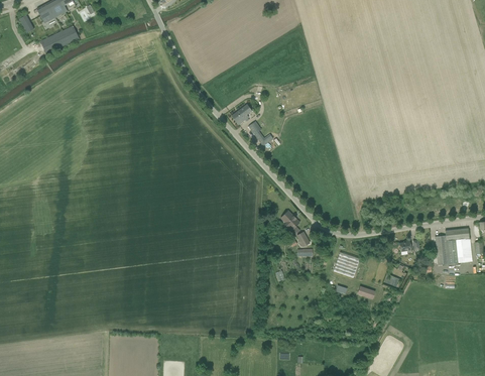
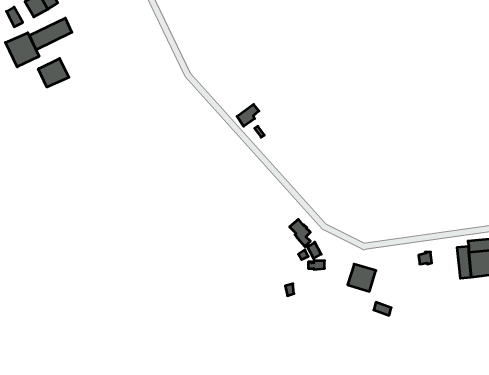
building: none -> [5,33,39,67]
building: none -> [38,58,69,87]

